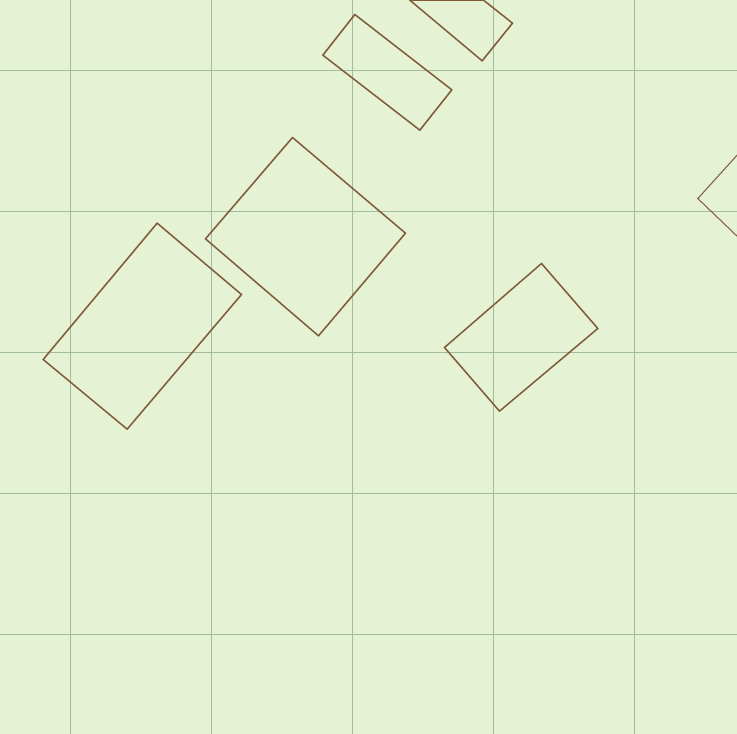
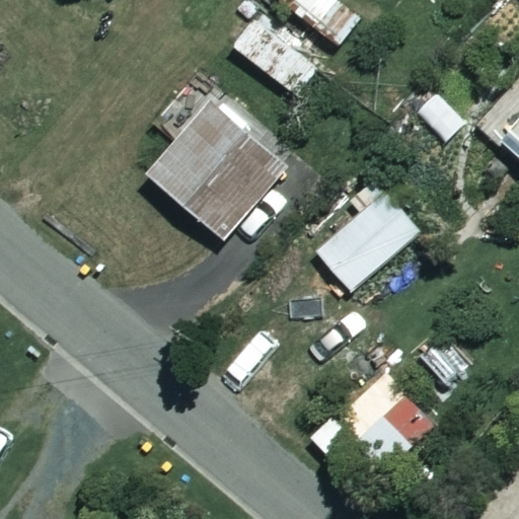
building: [43,223,241,429] -> none

